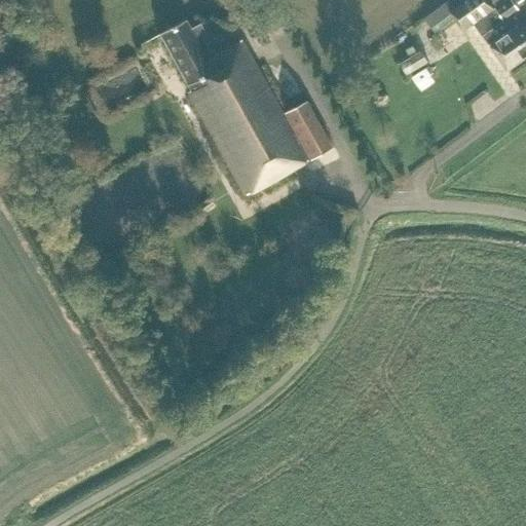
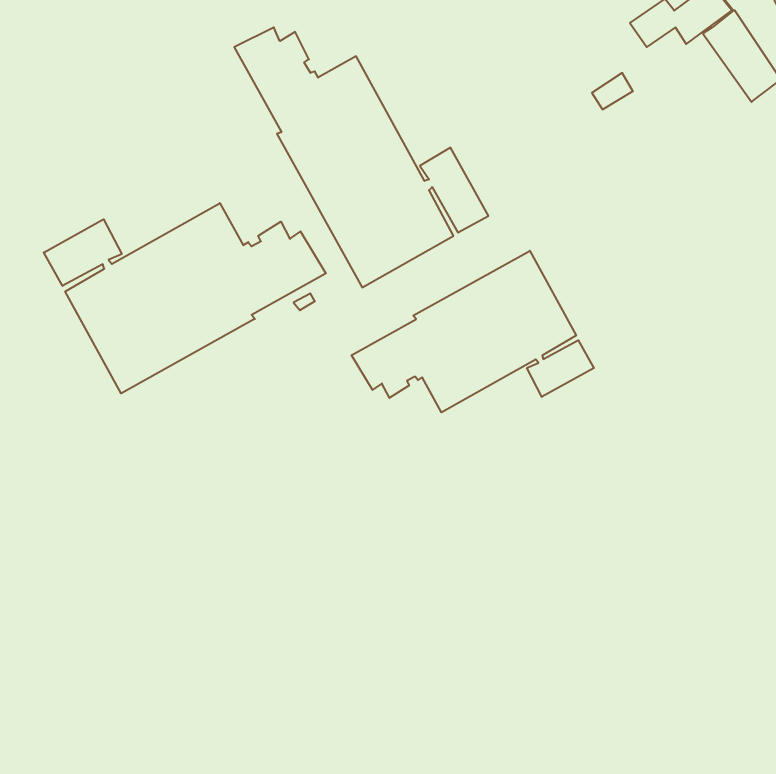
building: none -> [44,203,326,393]
building: none -> [352,251,594,412]

